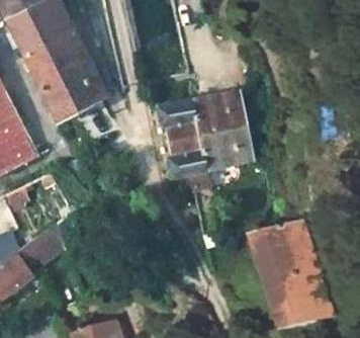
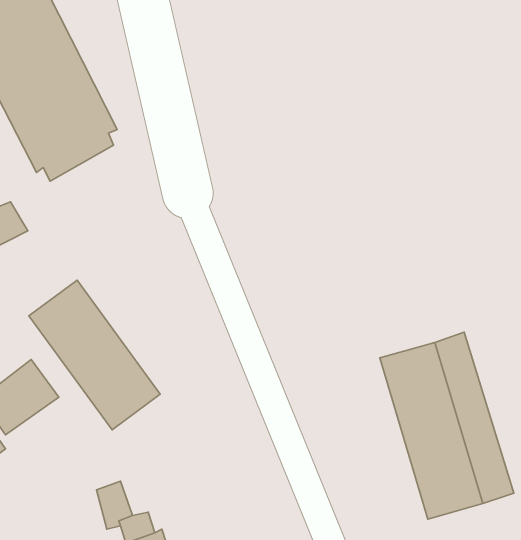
building: [156,92,252,177] -> none
building: none -> [29,280,160,430]

